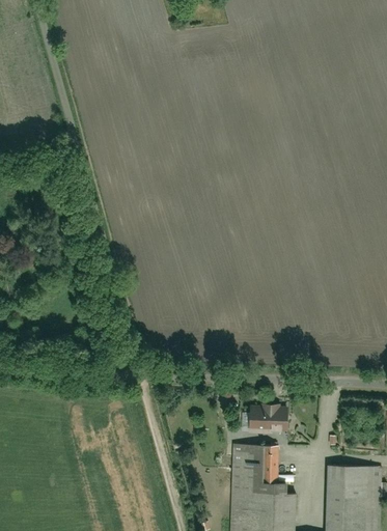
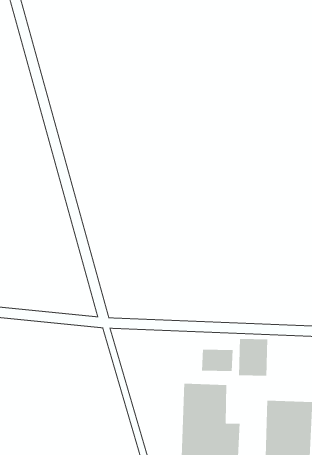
building: none -> [238,338,268,376]

